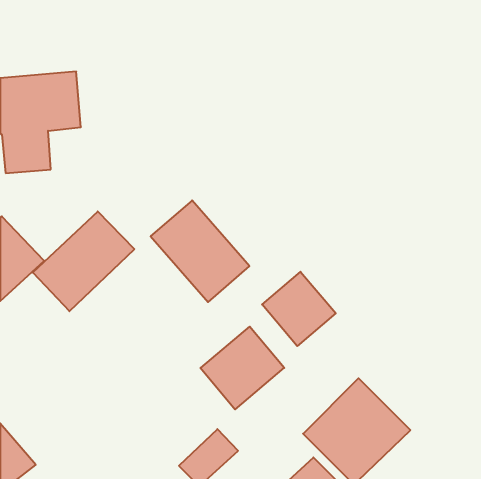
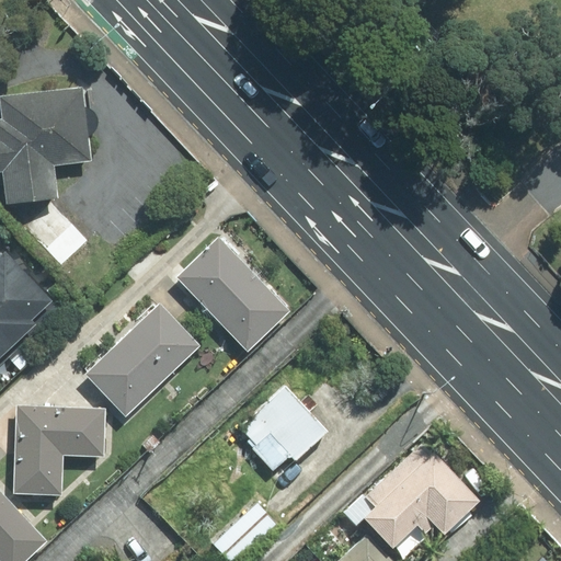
building: [33,211,134,311] -> [83,300,202,416]
building: [262,272,336,346] -> none
building: none -> [14,408,99,497]

